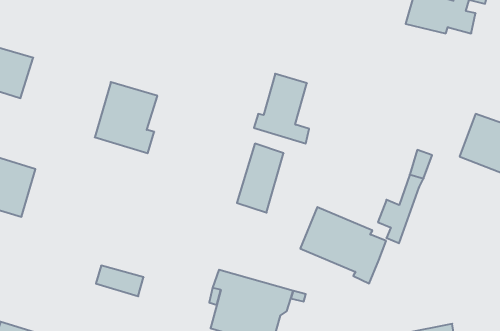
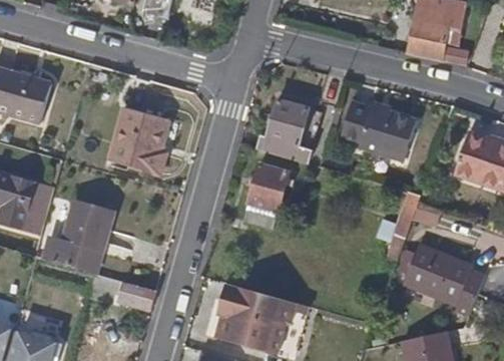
building: none -> [339,102,419,164]
building: none -> [44,199,114,274]
building: [300,207,386,283] -> [404,247,485,319]

